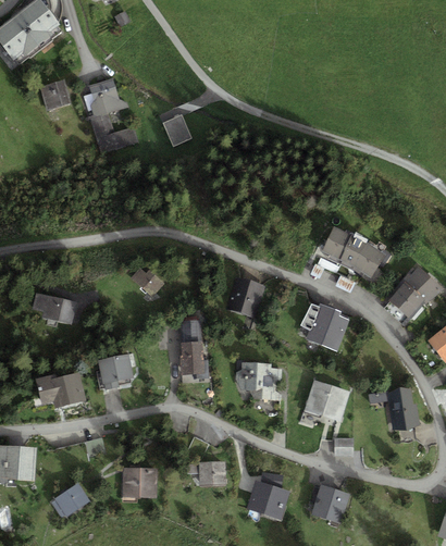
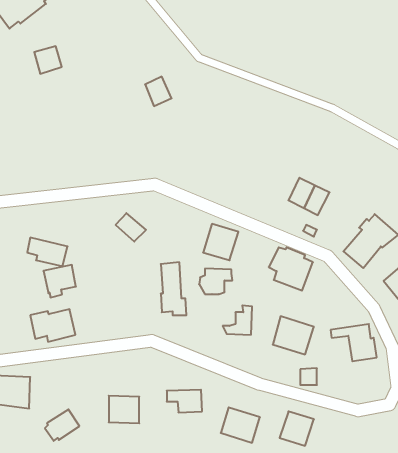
building: [89,78,138,154] -> none
building: [355,243,386,277] -> none
building: [98,353,134,389] -> [43,265,76,297]
building: [235,362,272,390] -> [199,269,232,294]

